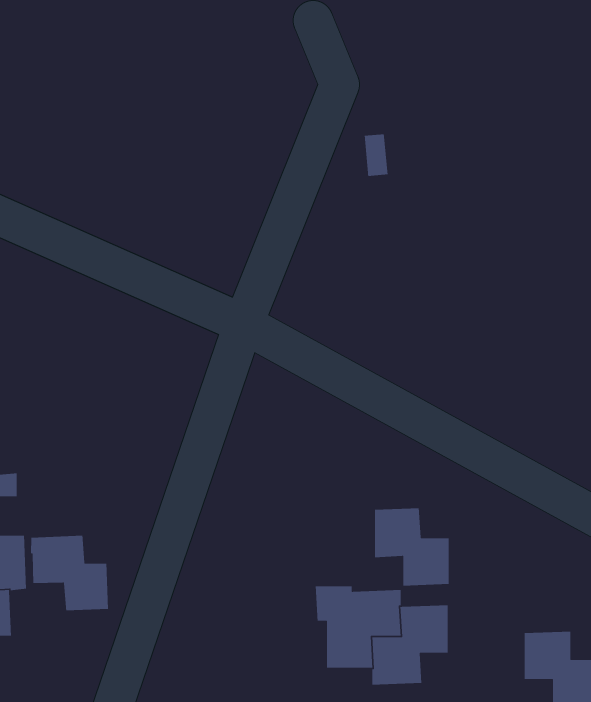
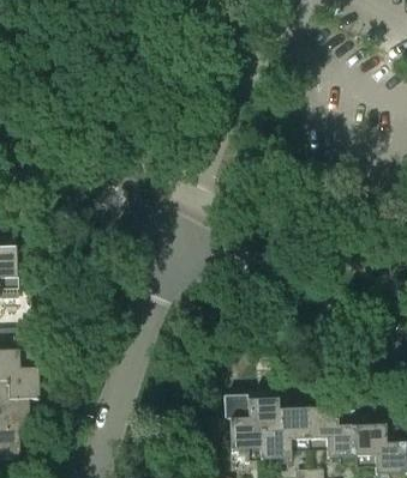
building: [374,507,450,587] -> [309,405,357,455]
building: [30,535,109,611] -> none

